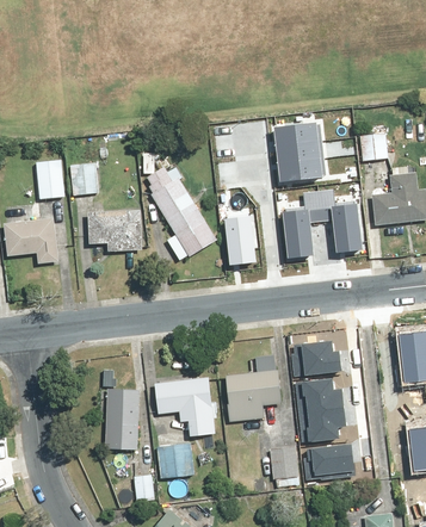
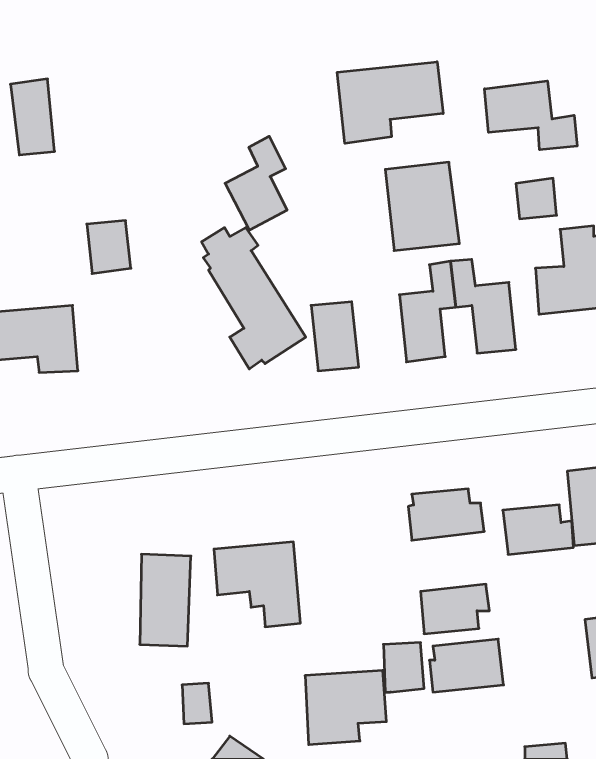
building: none -> [337,62,443,143]
building: none -> [485,81,577,150]
building: none -> [225,136,287,230]
building: [37,159,67,210] -> [10,79,55,155]
building: [89,211,143,253] -> none
building: [227,372,282,422] -> [305,670,386,745]
building: [292,379,340,413] -> [503,505,573,554]
building: [158,444,195,479] -> none

